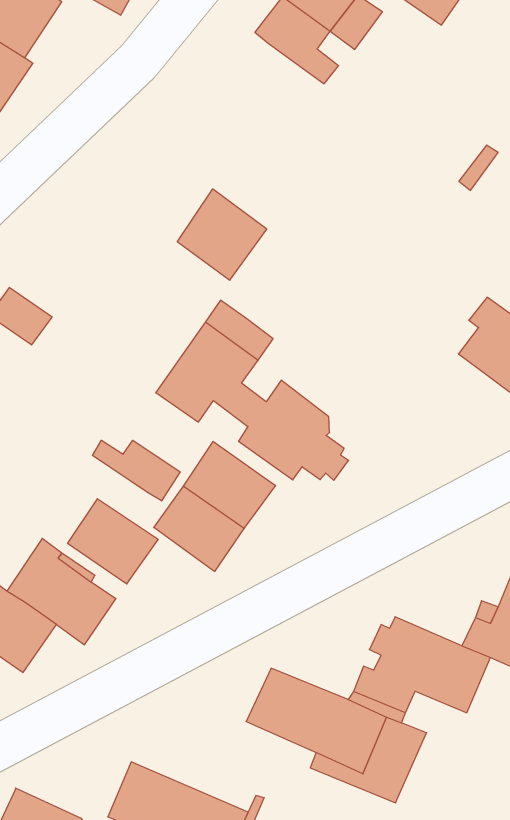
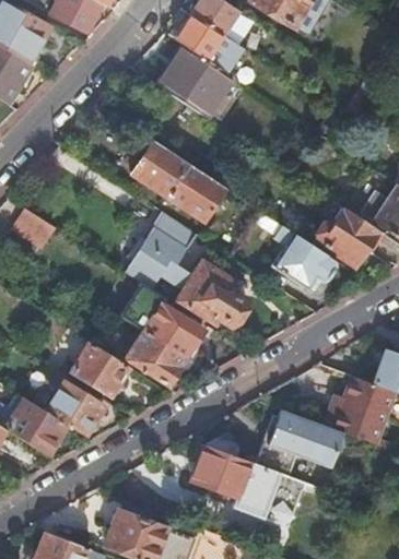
building: none -> [157,46,236,119]
building: none -> [167,165,225,223]
building: none -> [259,214,336,289]
building: [93,440,180,501] -> none

